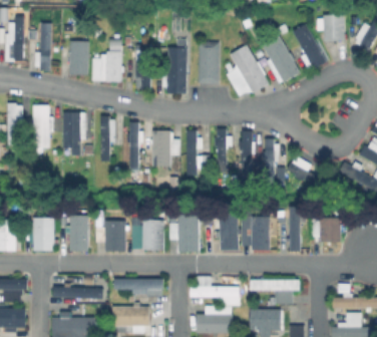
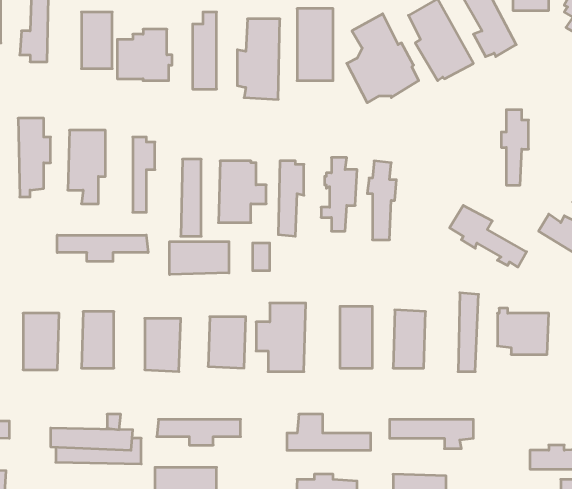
building: [261,136,277,181] -> [501,110,529,185]
building: none -> [57,235,148,261]
building: none -> [170,242,229,275]

